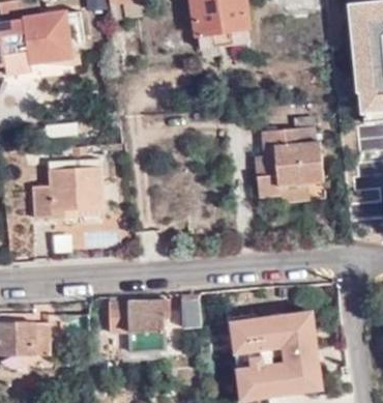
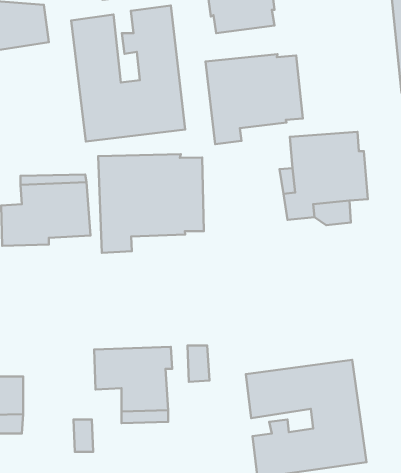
building: none -> [71,5,185,141]
building: none -> [205,54,303,144]
building: none -> [98,154,204,253]

